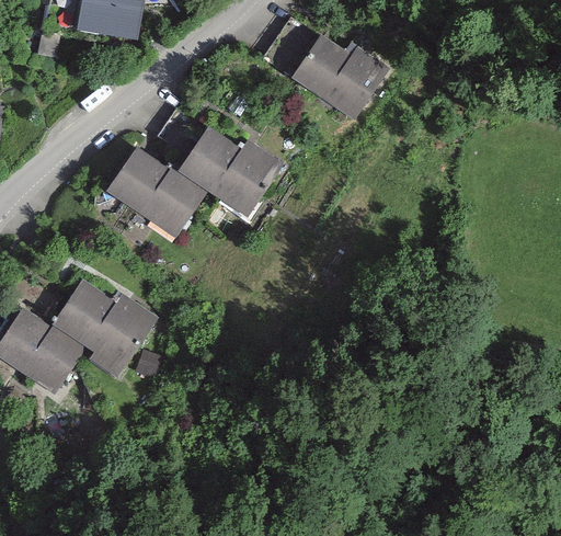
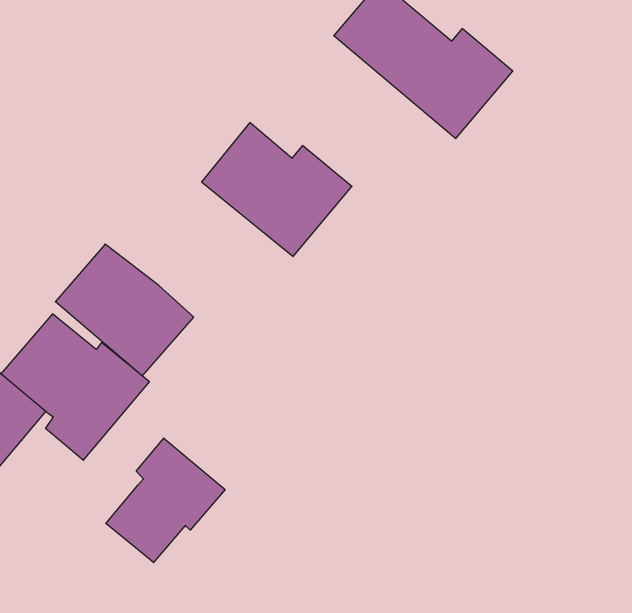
building: [106,146,206,237] -> [55,244,194,376]
building: none -> [106,438,225,563]

